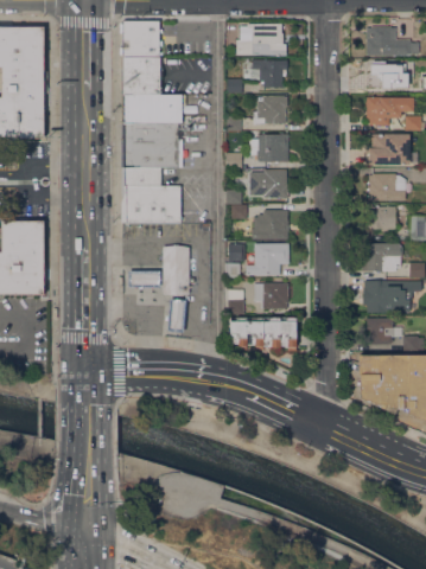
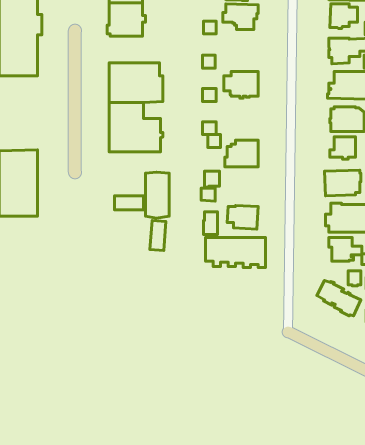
building: [120,95,185,124] -> none
building: [253,97,287,124] -> none
building: [249,170,287,198] -> none
building: [246,243,288,275] -> none

